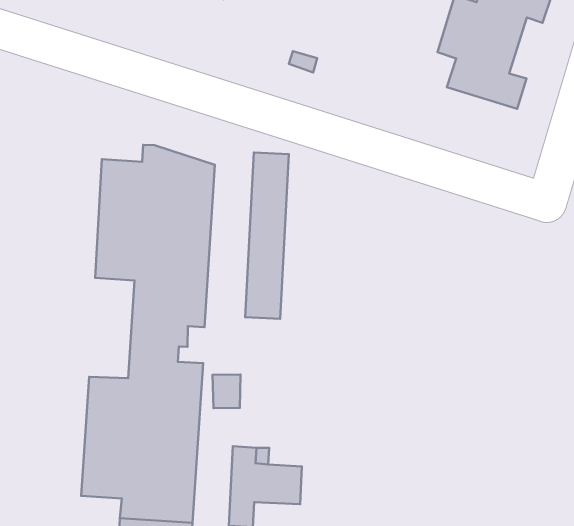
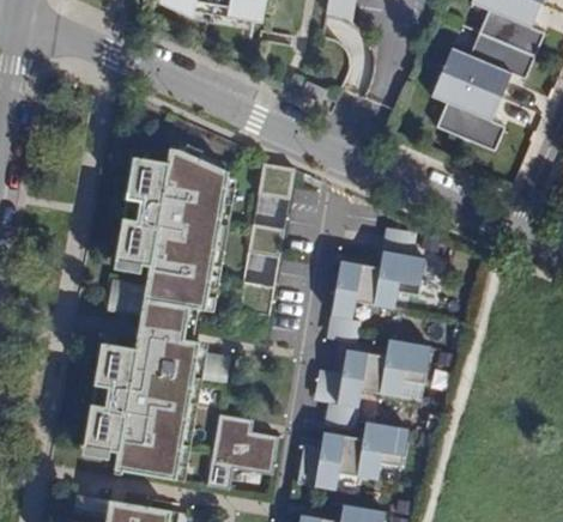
building: none -> [332,250,424,317]
building: none -> [338,339,430,405]
building: none -> [297,423,407,487]

